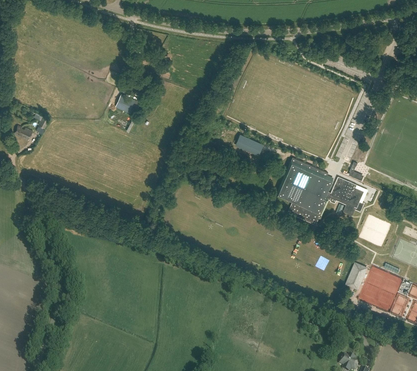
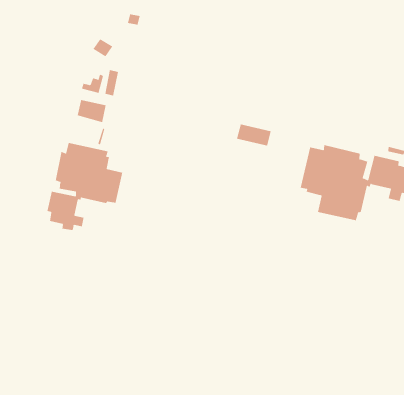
building: none -> [47,142,123,231]

